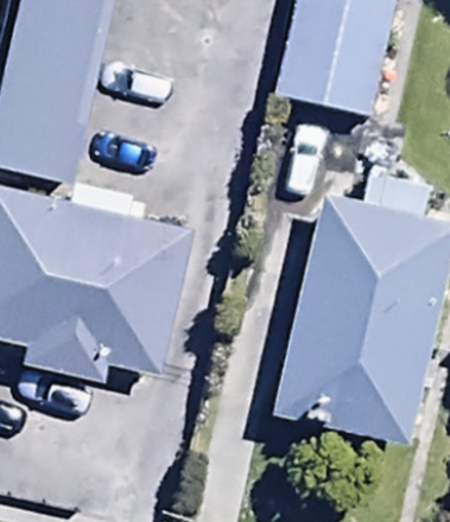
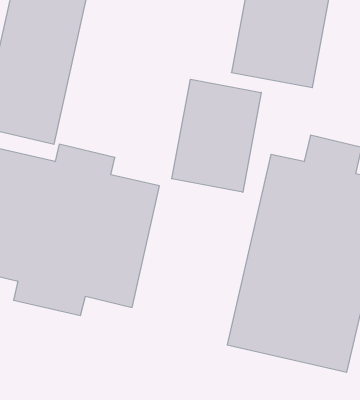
building: none -> [172,79,261,192]

